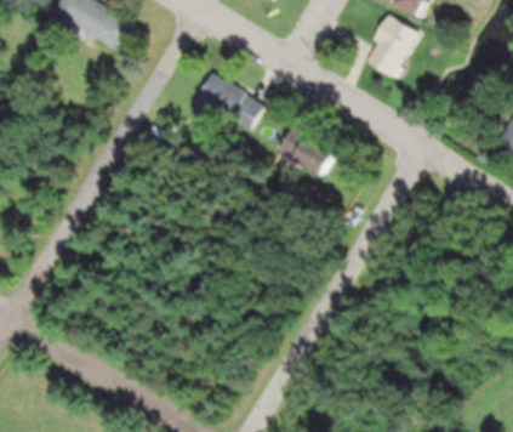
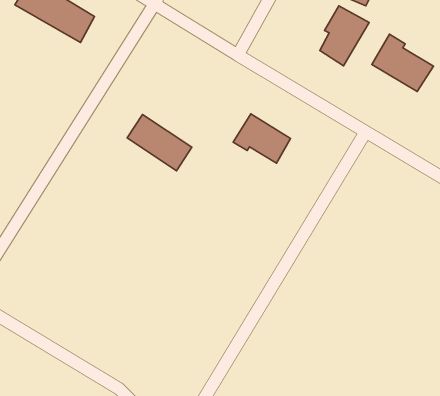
building: none -> [372,34,433,91]
building: [196,73,263,131] -> [127,114,192,171]

